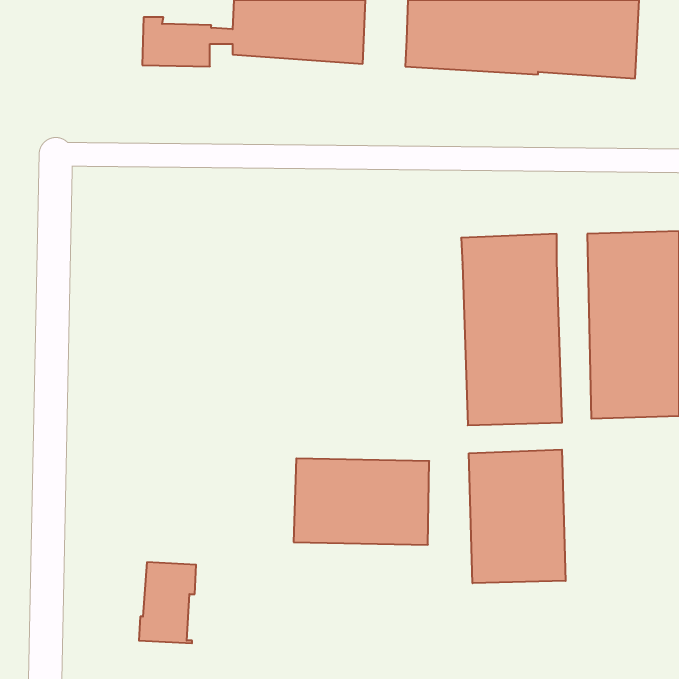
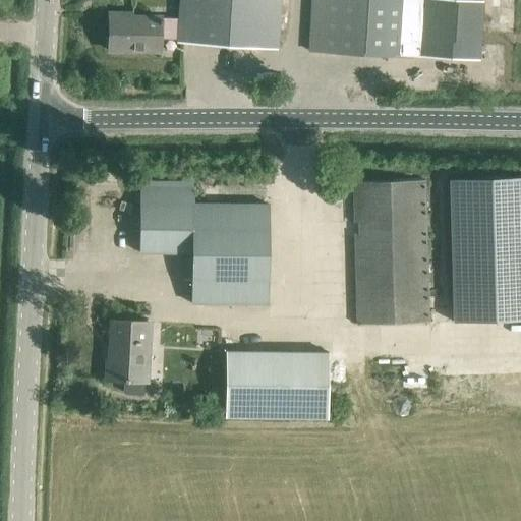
building: none -> [139,187,269,303]
building: [469,450,566,583] -> none
building: [139,562,196,643] -> [107,320,151,382]

